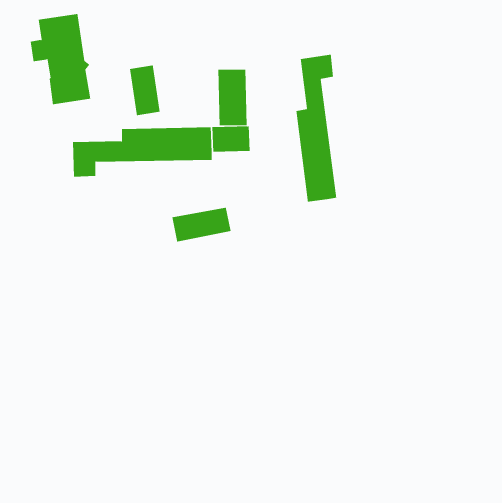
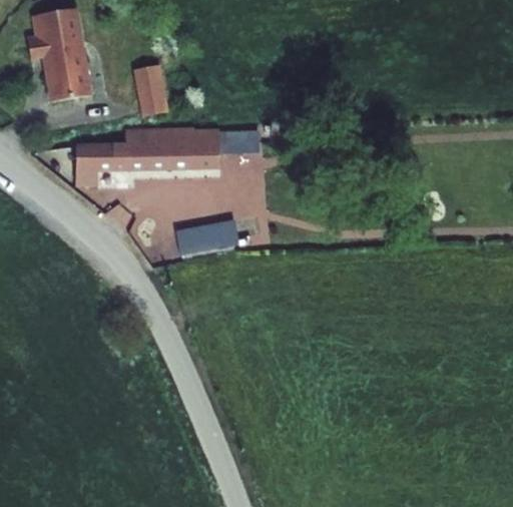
building: [296,54,337,202] -> none
building: [218,69,247,126] -> none

